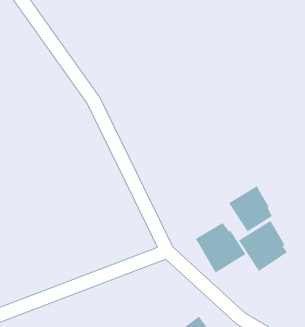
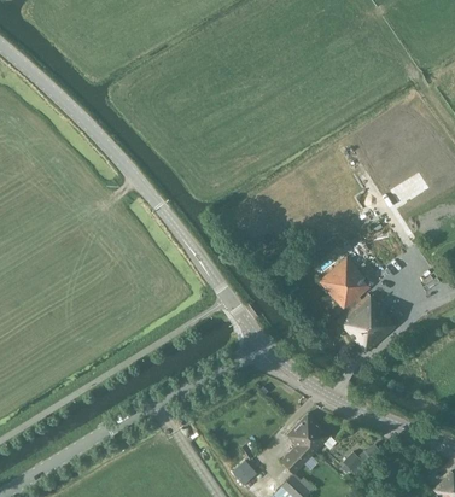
building: [195,222,246,273] -> none

